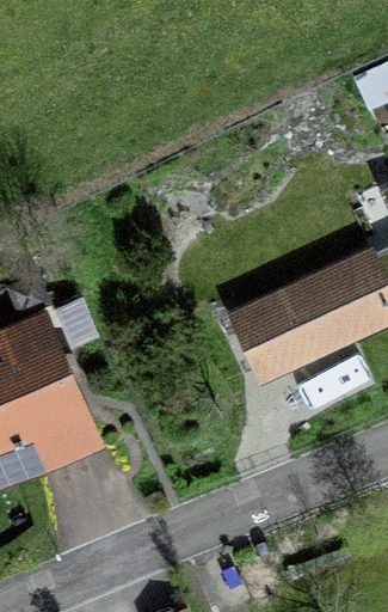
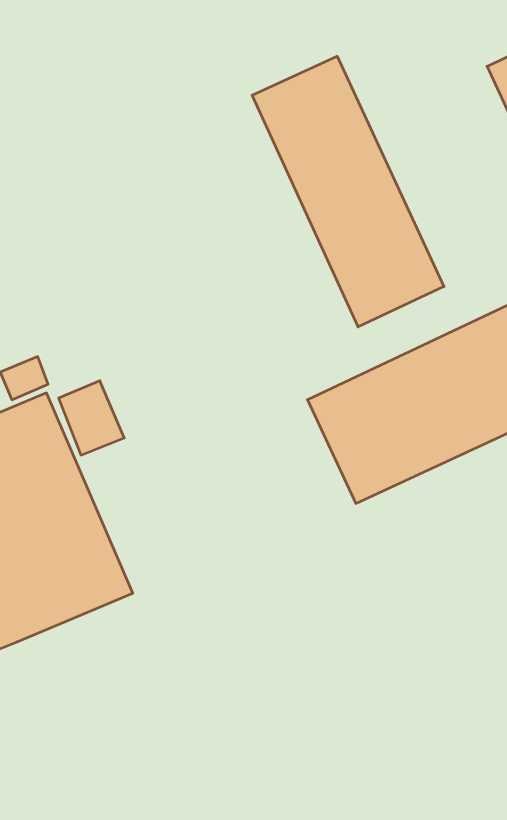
building: none -> [252,56,444,327]

